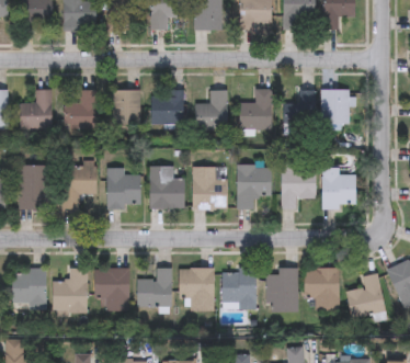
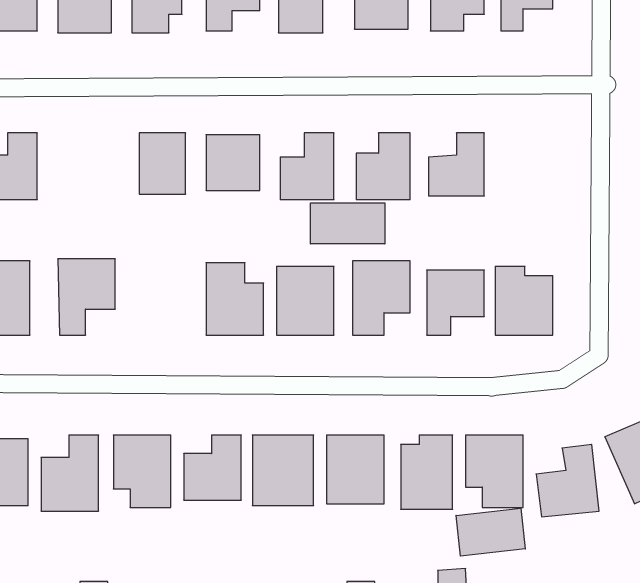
building: [64,89,95,127] -> none
building: [320,89,349,123] -> none
building: none -> [311,203,385,244]
building: [109,168,143,208] -> none
building: none -> [456,508,525,556]

